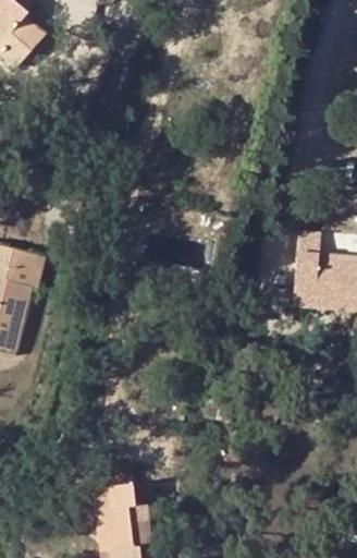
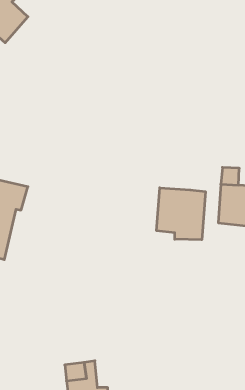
building: none -> [157,188,205,240]

